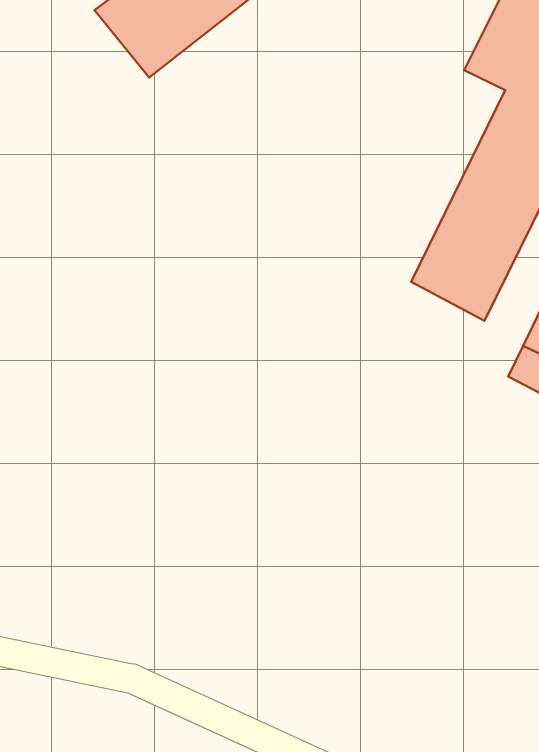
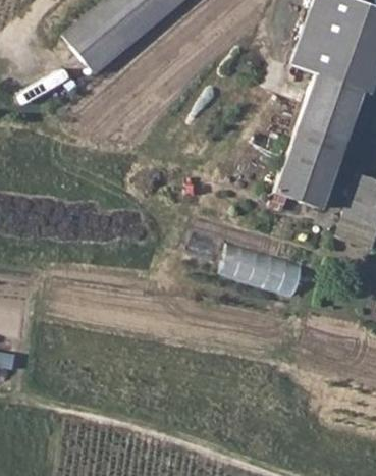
building: none -> [218,244,288,294]

